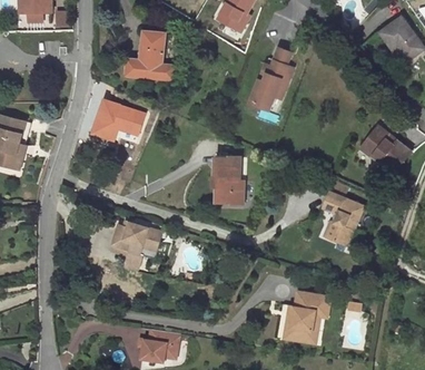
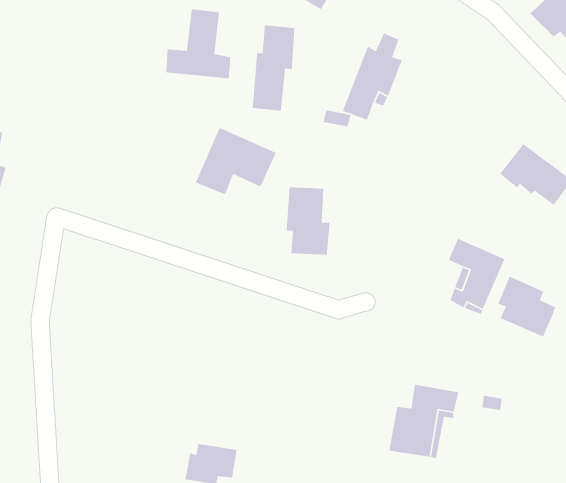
building: none -> [252,24,295,111]
building: [89,97,146,145] -> [195,127,277,196]
building: none -> [497,276,556,338]
building: [111,223,160,271] -> none

